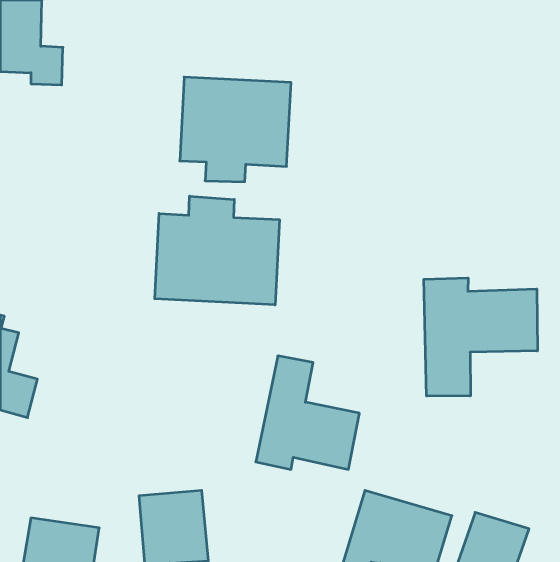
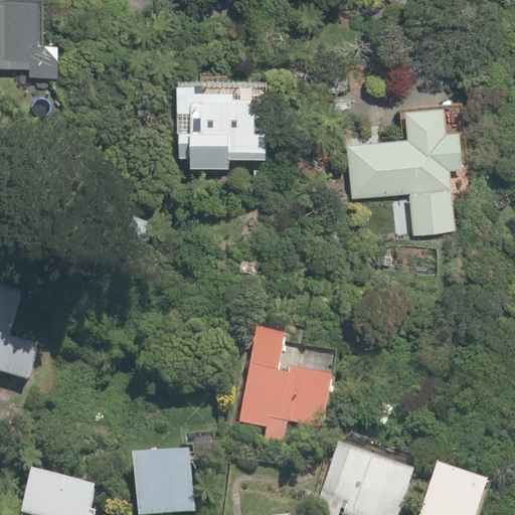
building: none -> [346,104,463,235]
building: [155,196,279,305] -> none
building: [424,278,537,396] -> none

